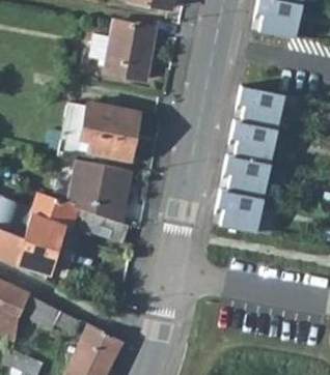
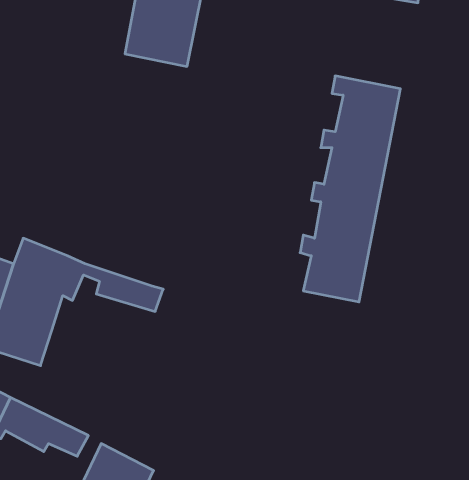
building: [60,102,139,160] -> none
building: [67,160,134,223] -> none

